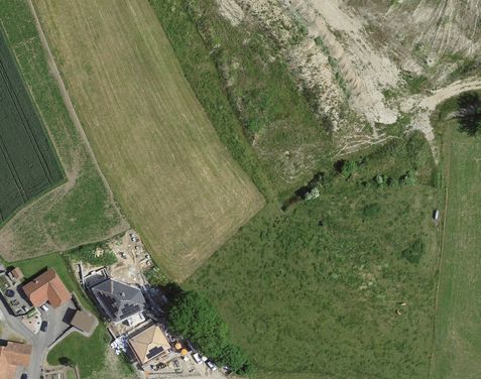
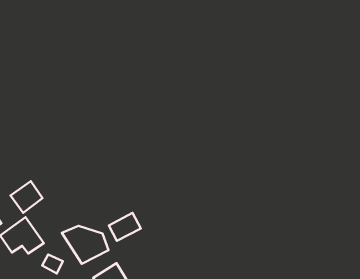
building: none -> [11,181,43,213]
building: none -> [109,213,141,241]

